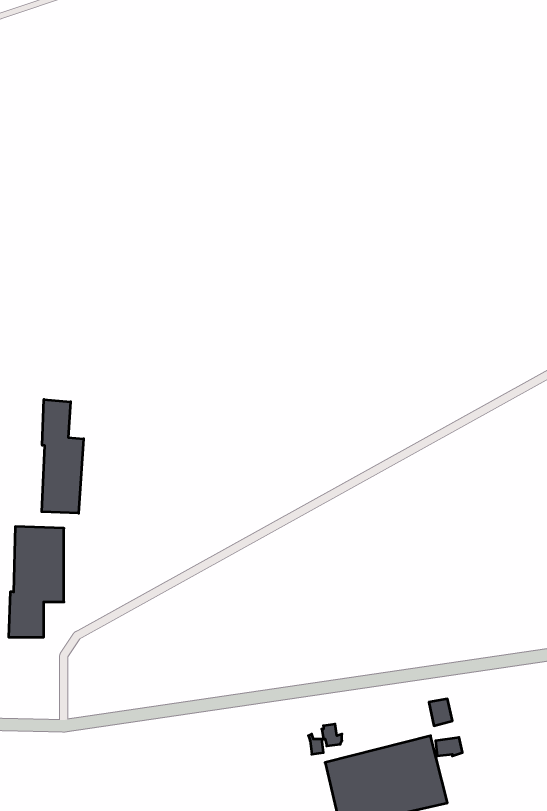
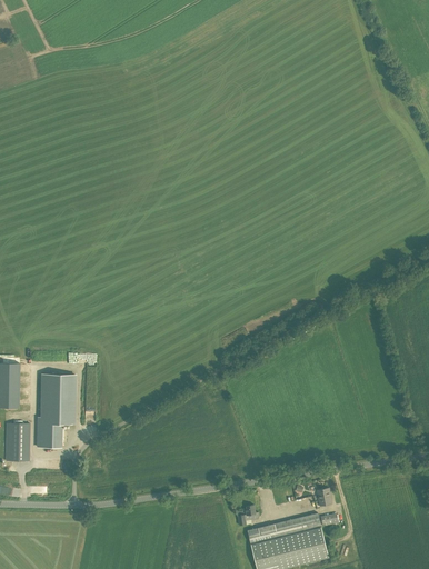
building: [42,399,84,513] -> none

